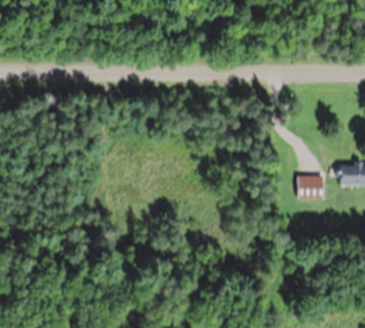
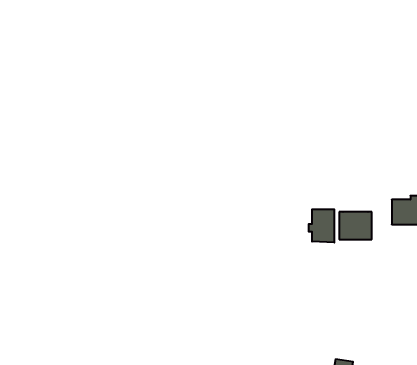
building: none -> [309,209,334,243]

